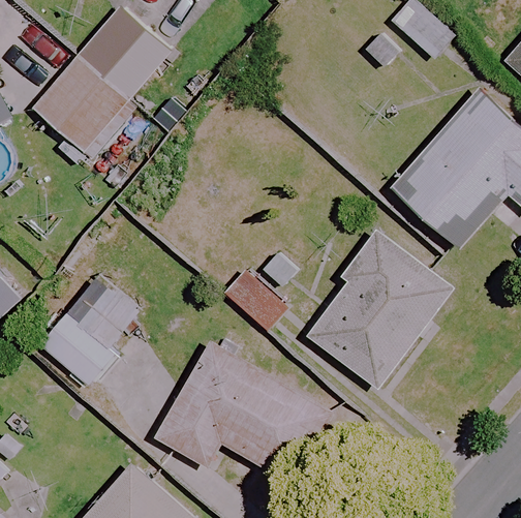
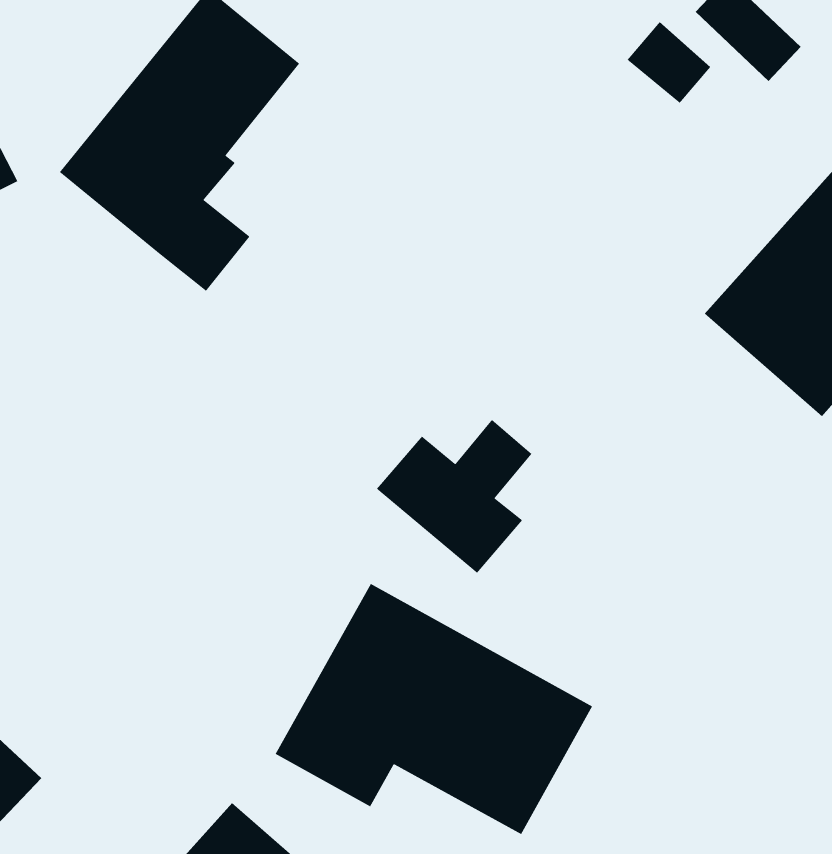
building: [306,228,453,388] -> none
building: [38,284,146,385] -> none

